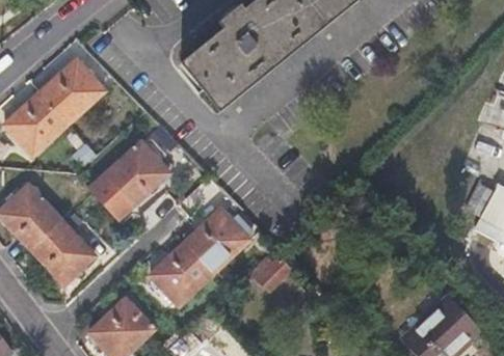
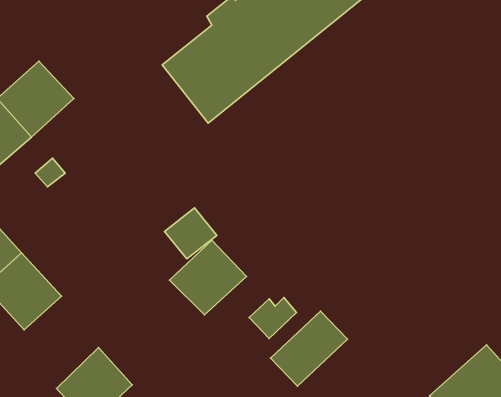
building: [89,142,169,219] -> none
building: [152,243,214,305] -> none
building: none -> [270,311,348,386]

